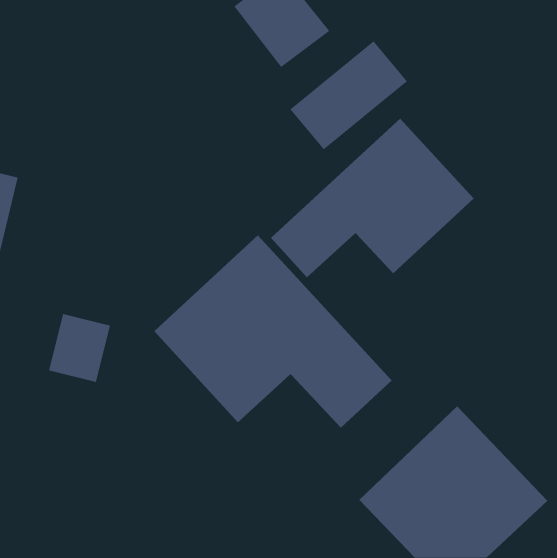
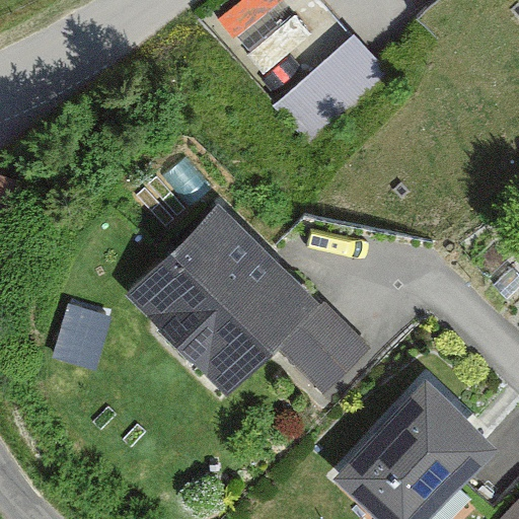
building: [270,118,474,278] -> none

